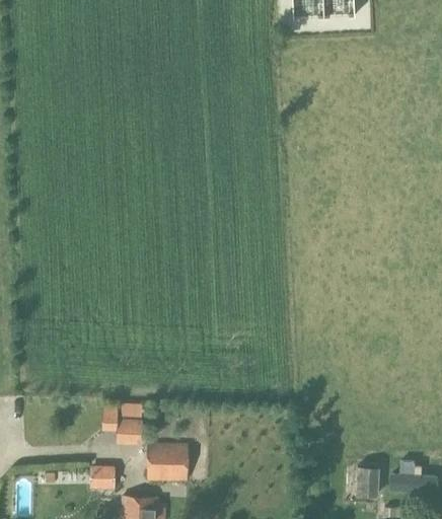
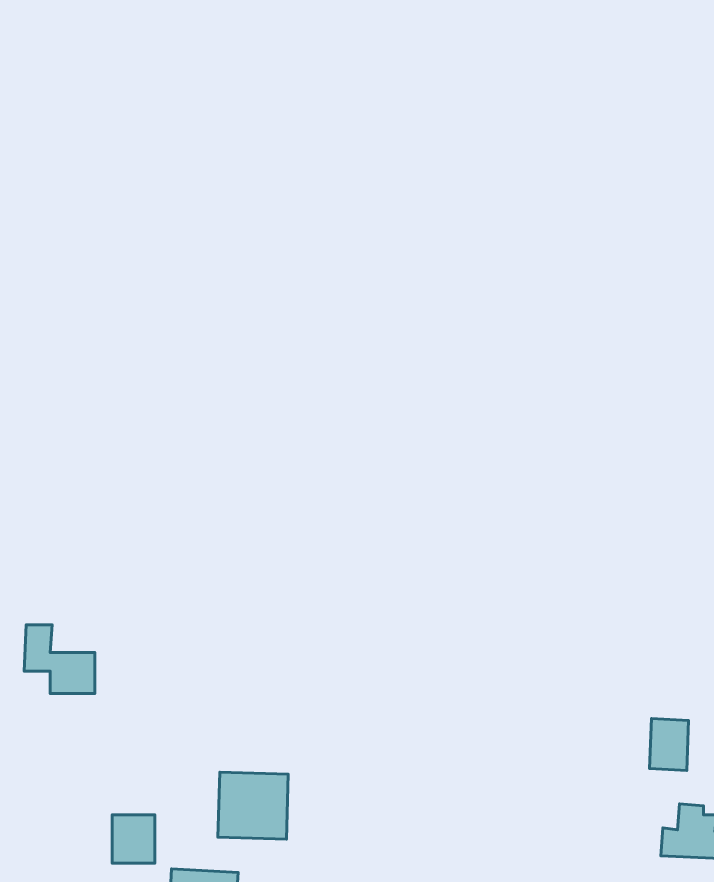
building: [102,404,141,442] -> [24,625,95,693]
building: [357,466,378,495] -> [650,719,689,770]

